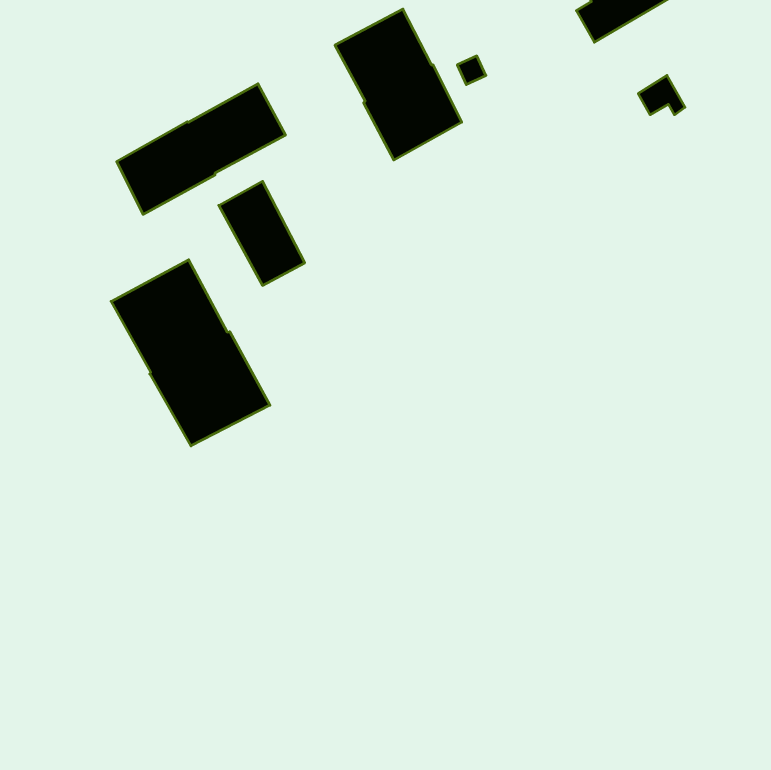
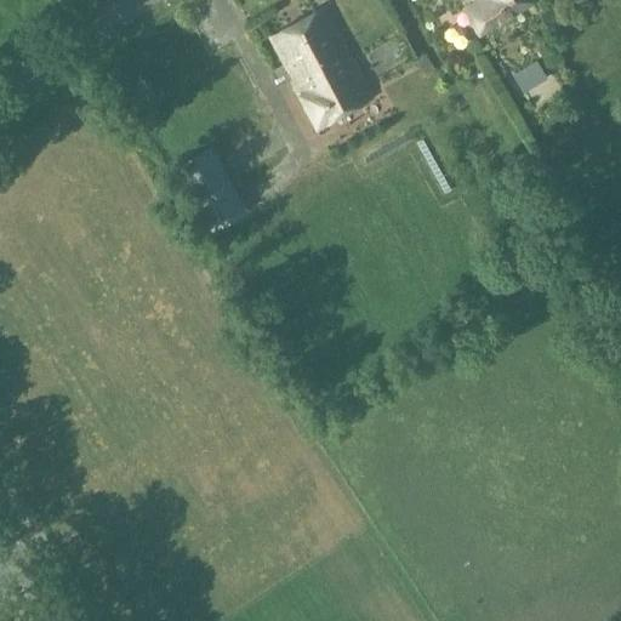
building: [117,84,285,214] -> none
building: [111,260,270,446] -> none

